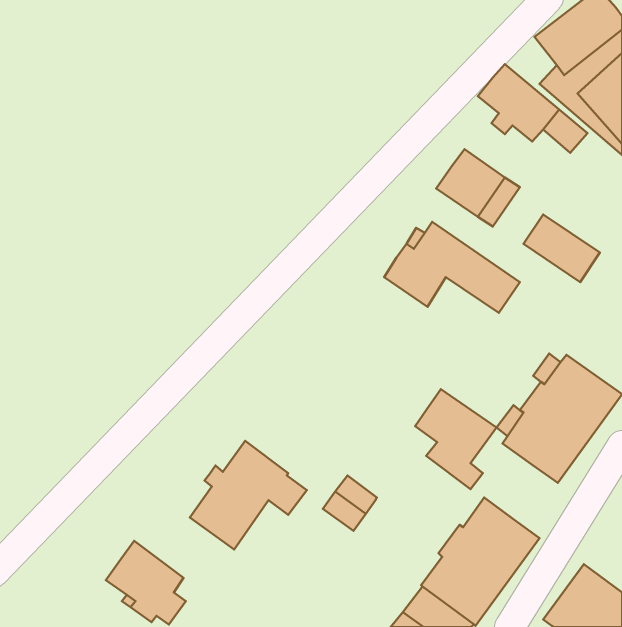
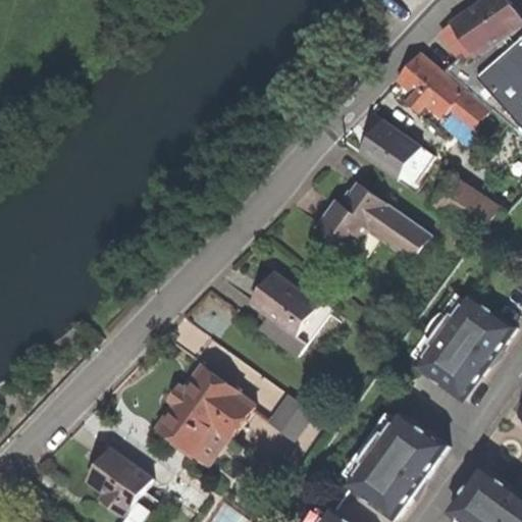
building: [415,389,496,489] -> [251,272,318,355]
building: none -> [194,414,239,464]

